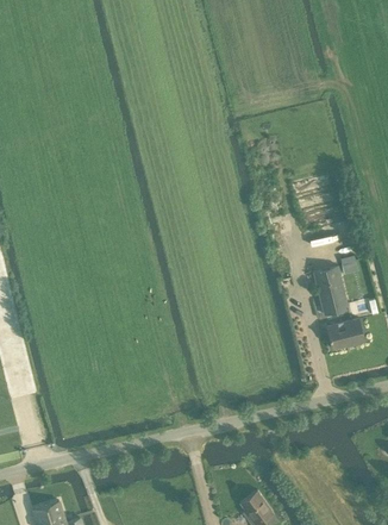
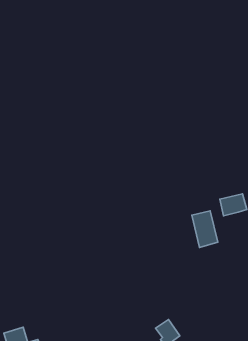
building: [313,267,349,317] -> [192,211,218,247]

